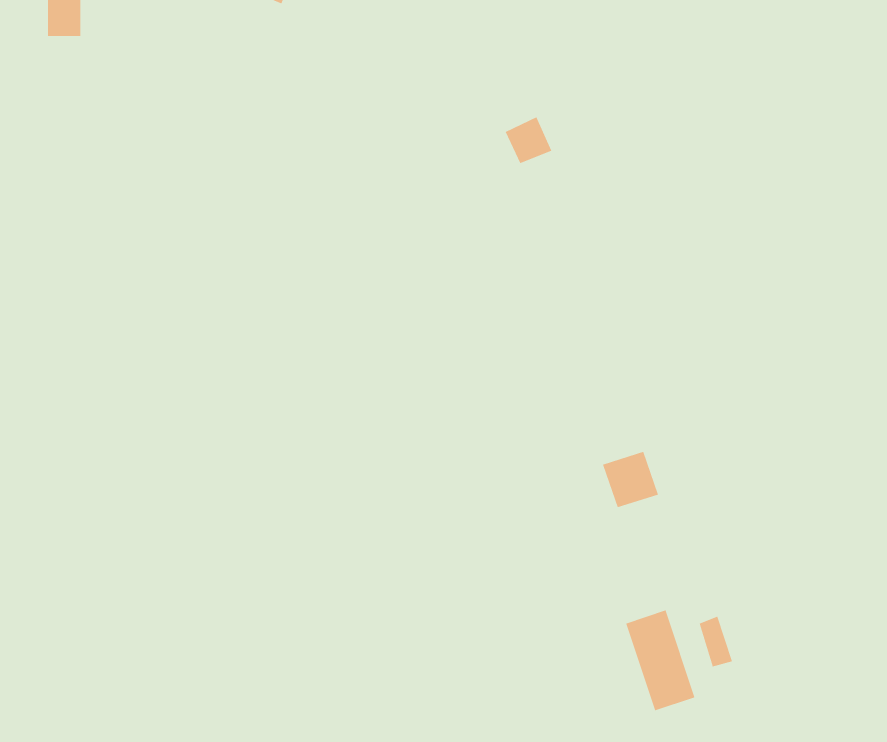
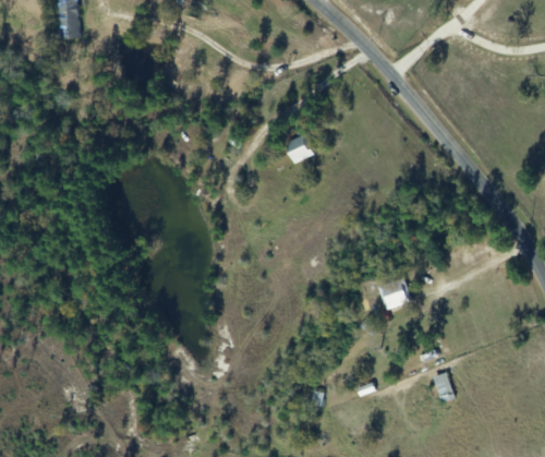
building: [505,117,552,164] -> [286,134,313,161]
building: [625,610,695,711] -> none

